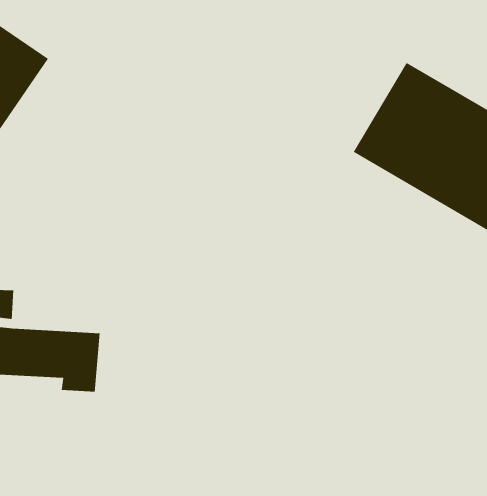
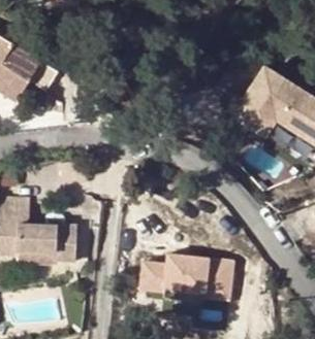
building: none -> [144,251,237,297]

